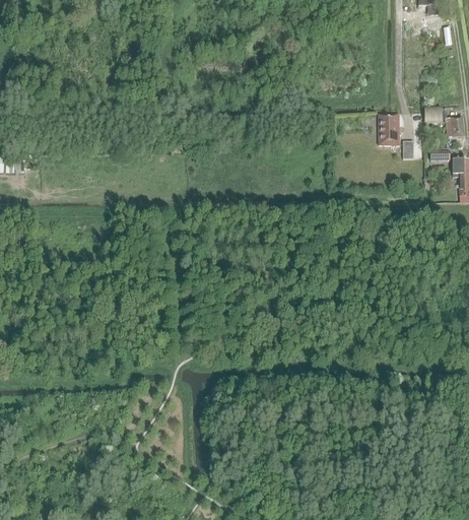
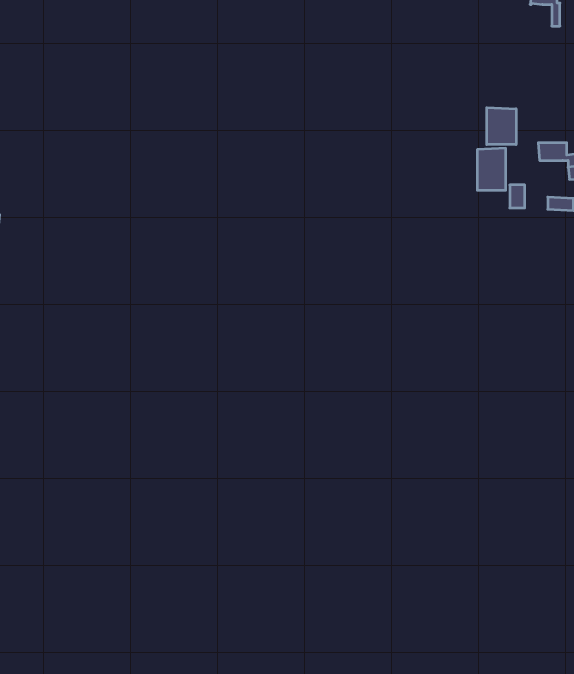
building: none -> [487,108,516,145]

